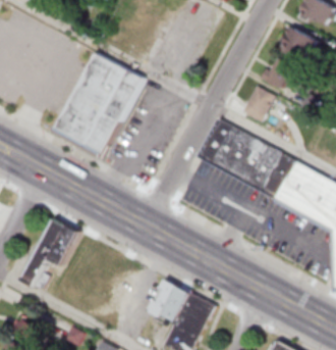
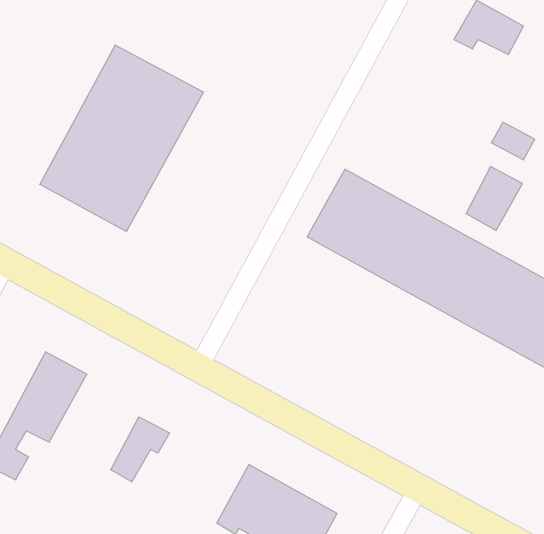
building: [263,57,292,89] -> none
building: [244,87,275,121] -> [466,167,522,231]
building: none -> [111,417,170,482]

